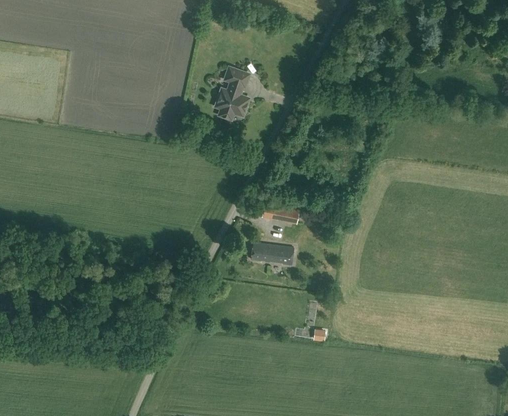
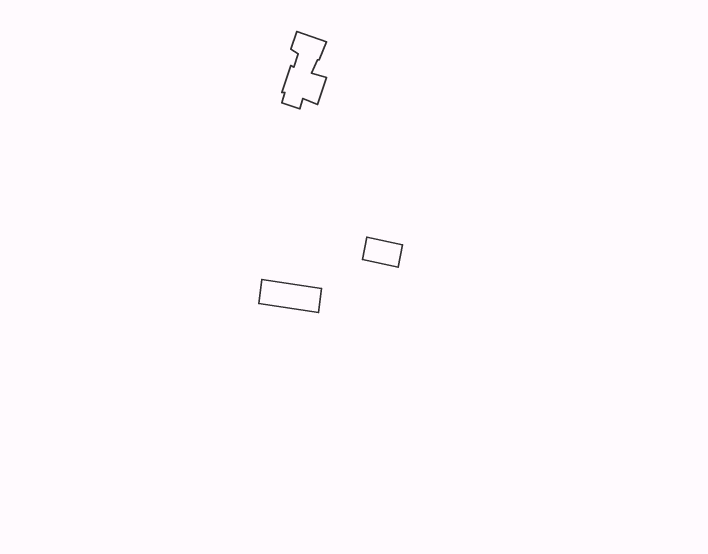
building: [250,241,292,263] -> [259,280,322,312]

